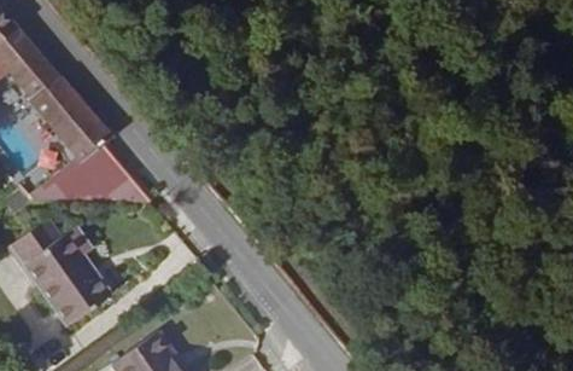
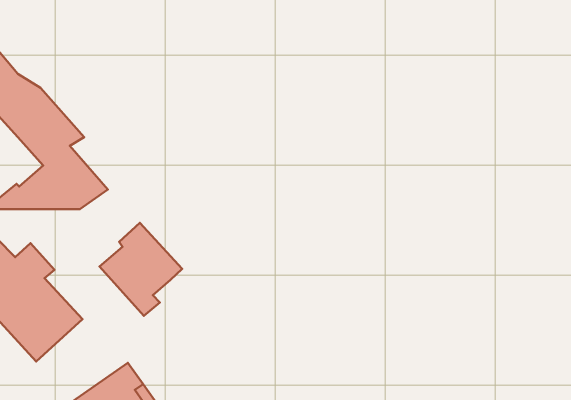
building: none -> [99,223,182,316]

